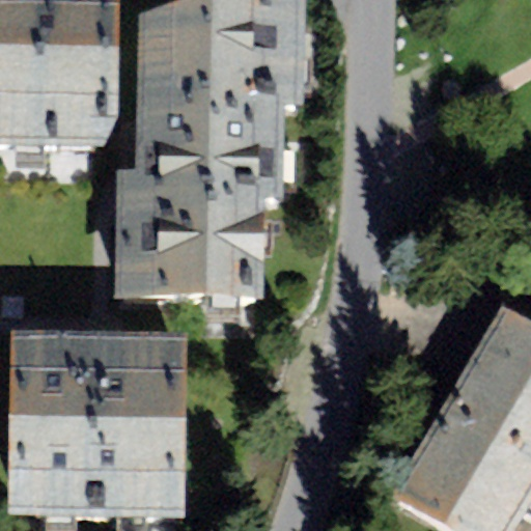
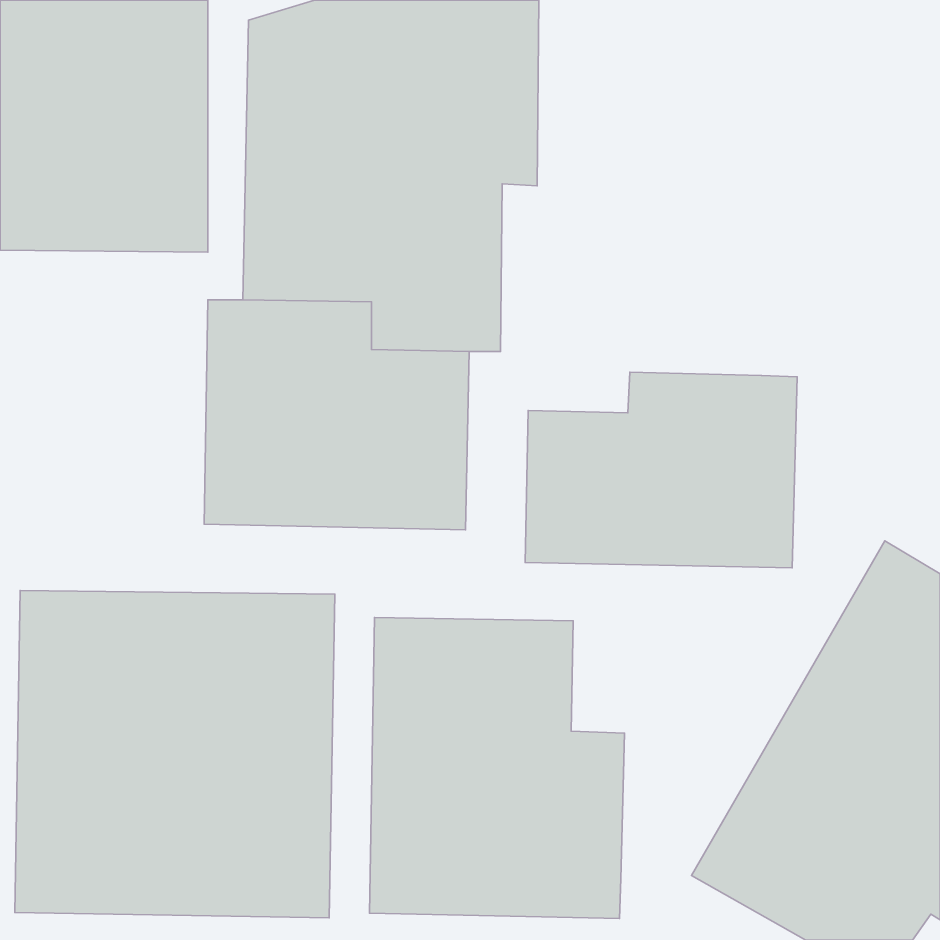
building: none -> [525,372,797,568]
building: none -> [370,617,624,918]

